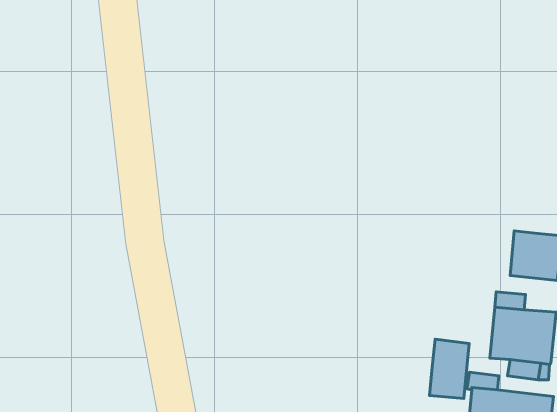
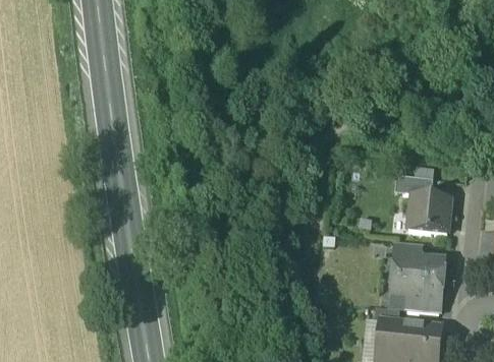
building: none -> [394,175,433,195]
building: [429,339,469,398] -> none

